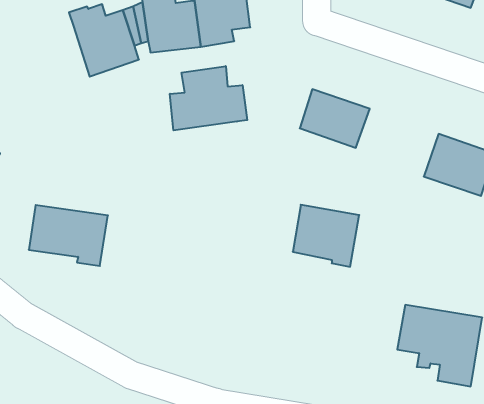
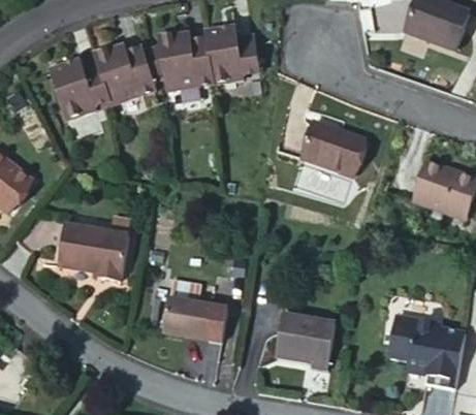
building: none -> [50,59,112,123]
building: [170,66,247,130] -> none
building: [293,205,359,267] -> [275,313,335,369]
building: none -> [161,297,226,341]

